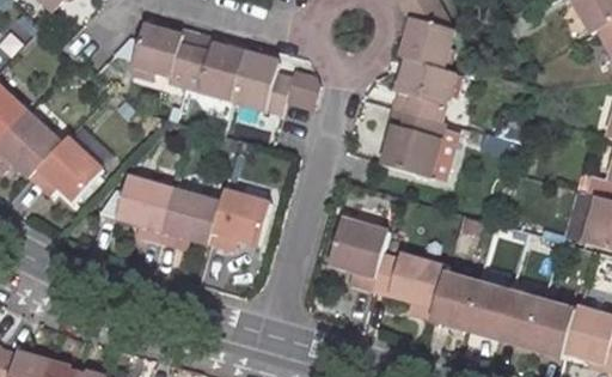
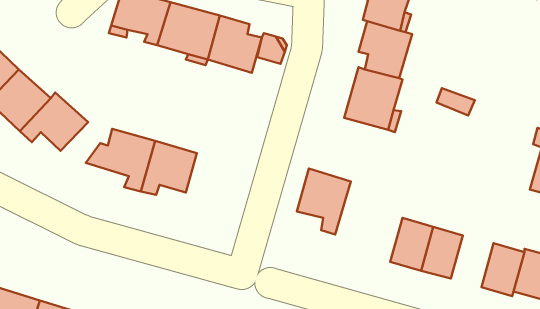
building: [209,188,271,249] -> none
building: [372,251,447,320] -> none
building: [497,291,544,347] -> none

